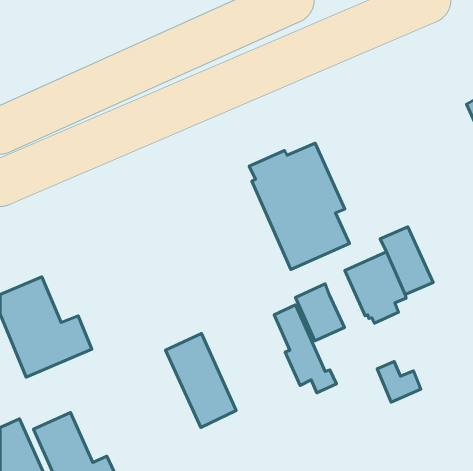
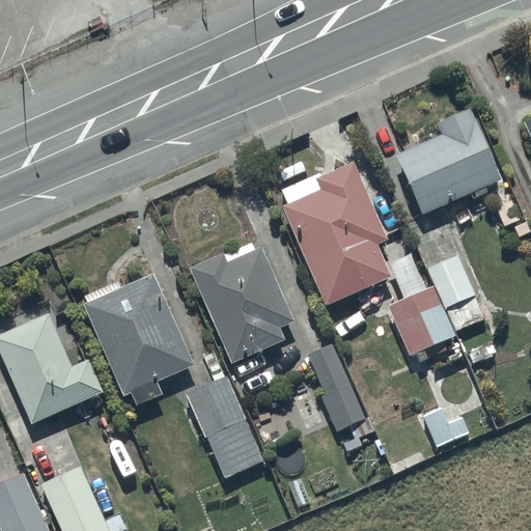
building: none -> [396,107,502,215]
building: none -> [188,241,296,364]
building: none -> [84,273,194,408]
building: [295,284,345,341] -> none

